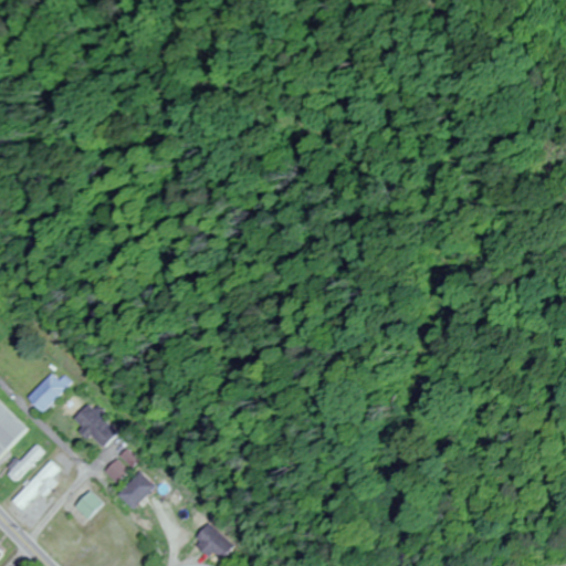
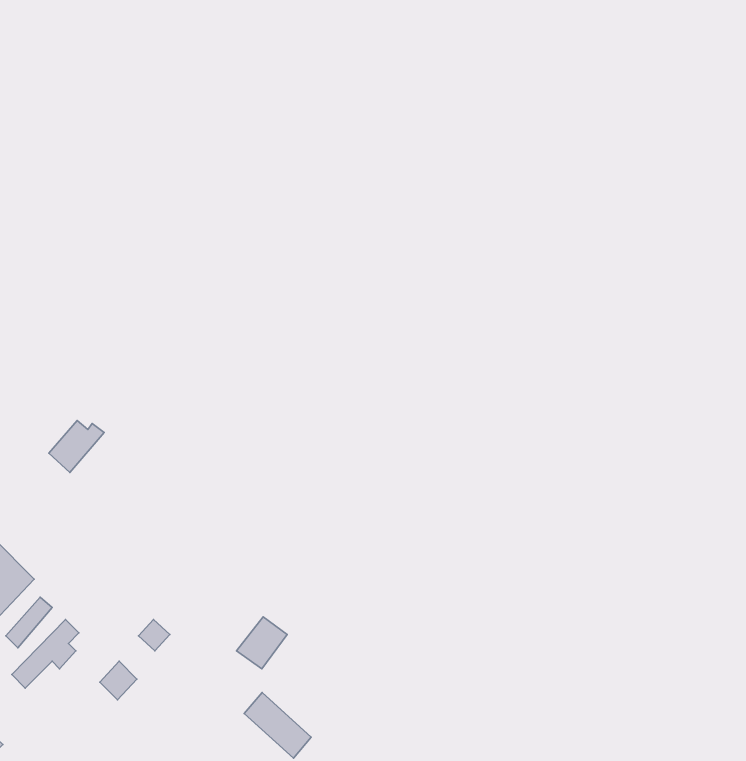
building: [29,374,70,412] -> [49,421,104,473]
building: [72,406,116,447] -> none
building: [117,471,155,510] -> [236,617,287,669]

